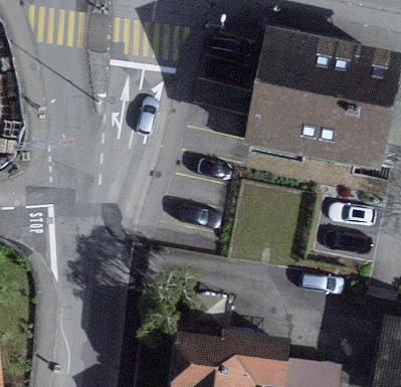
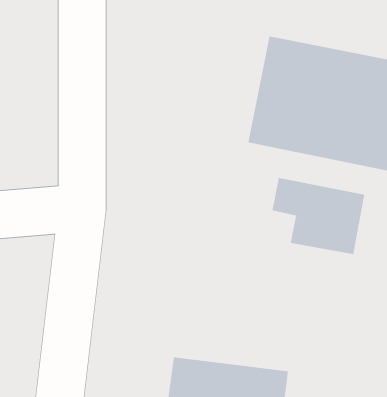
building: none -> [272,177,365,255]

